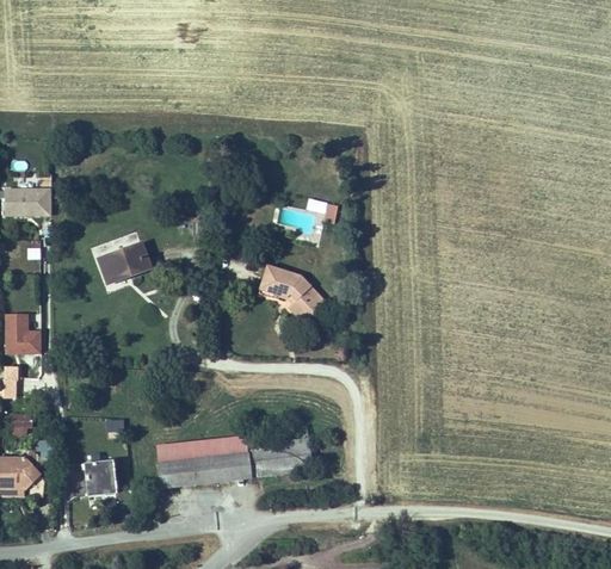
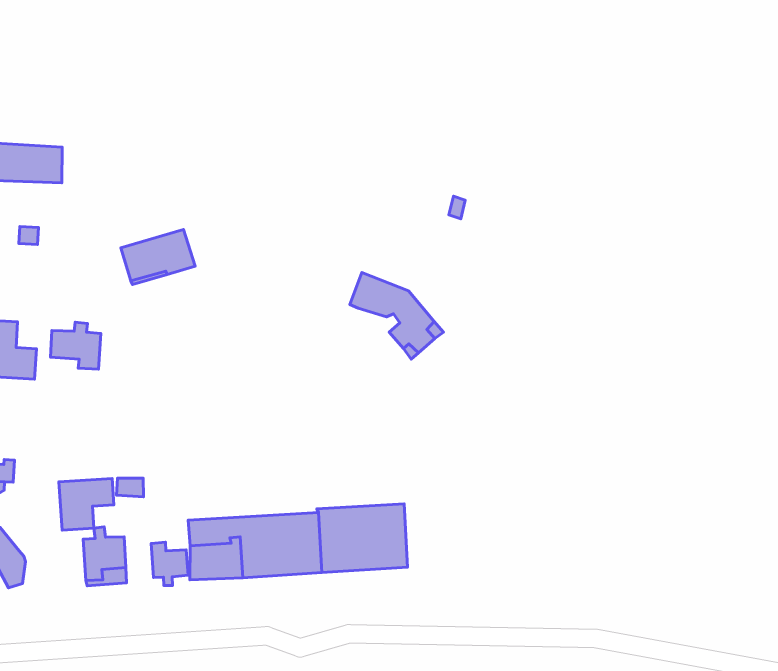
building: none -> [51,322,101,369]
building: none -> [59,479,114,530]
building: none -> [151,542,188,586]

